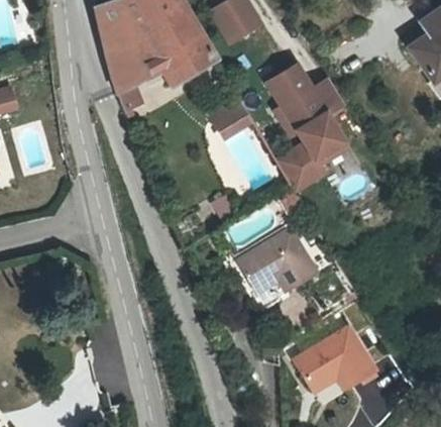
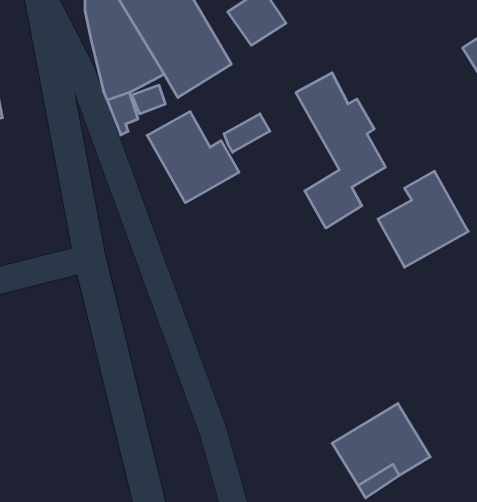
building: none -> [147,112,239,203]
building: none -> [378,171,468,267]
building: [235,228,314,303] -> none

